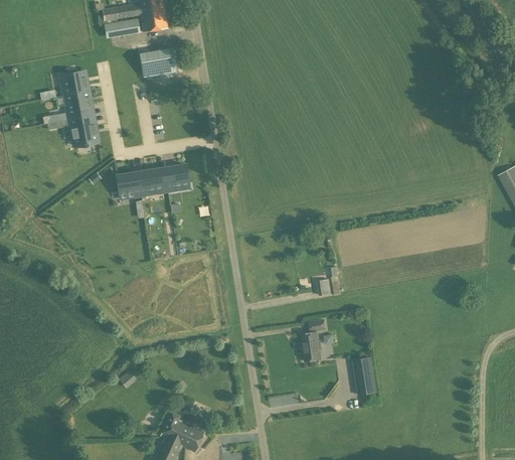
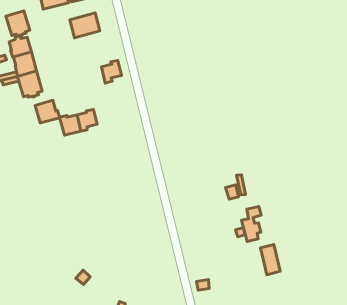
building: none -> [6,11,30,36]
building: none -> [35,100,60,123]
building: [165,163,189,190] -> [101,61,121,83]
building: [302,318,327,360] -> [241,207,261,241]

